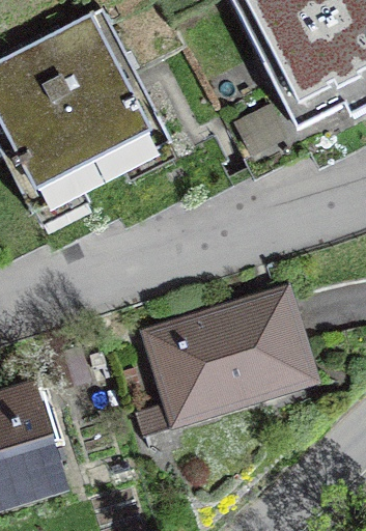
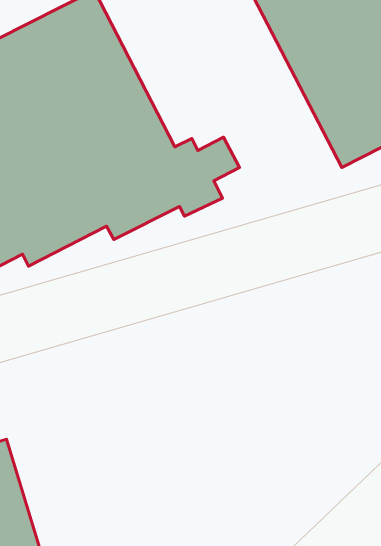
building: [151,292,305,411] -> none

